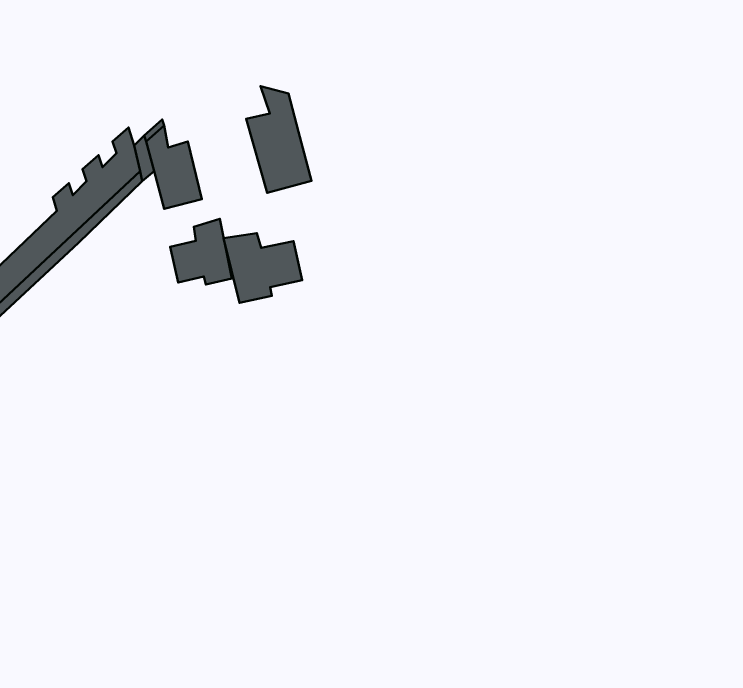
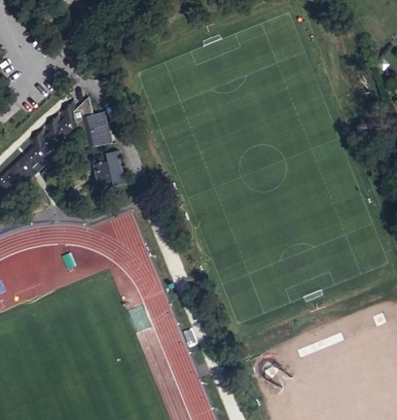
building: [246,86,312,193] -> none
building: [224,233,302,303] -> none

